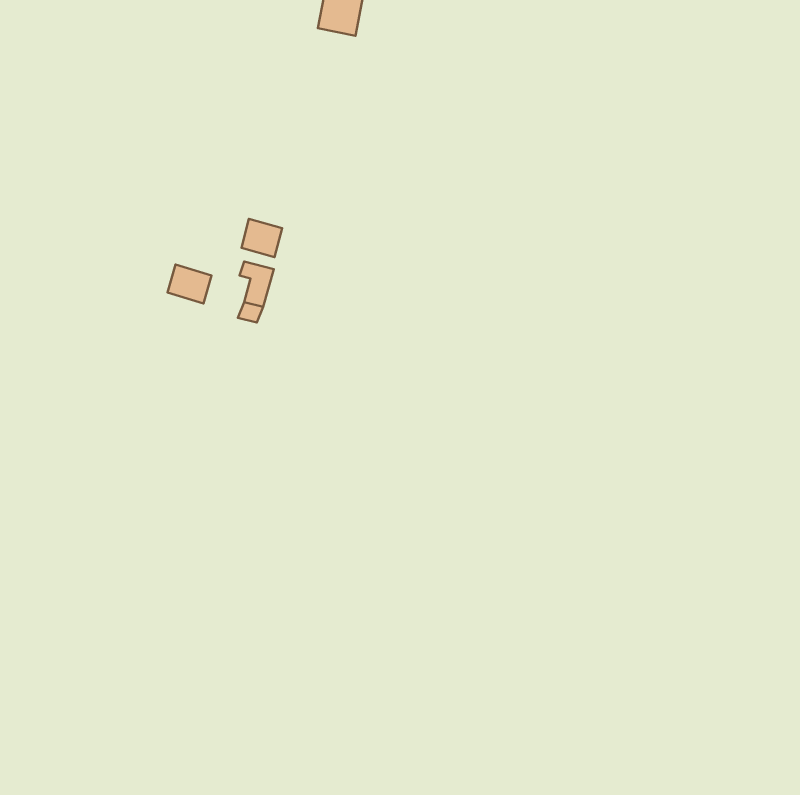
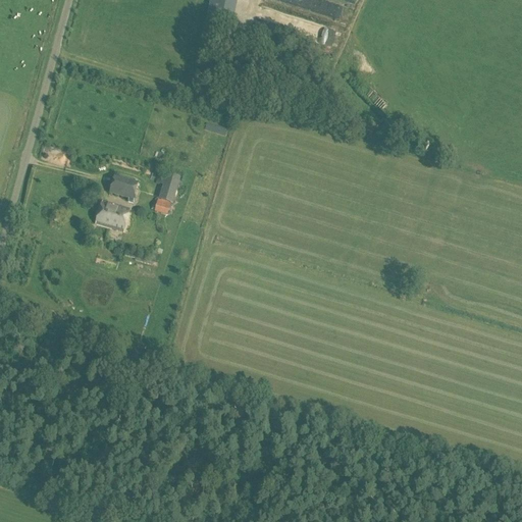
building: [241,219,282,257] -> none
building: none -> [96,199,129,229]

